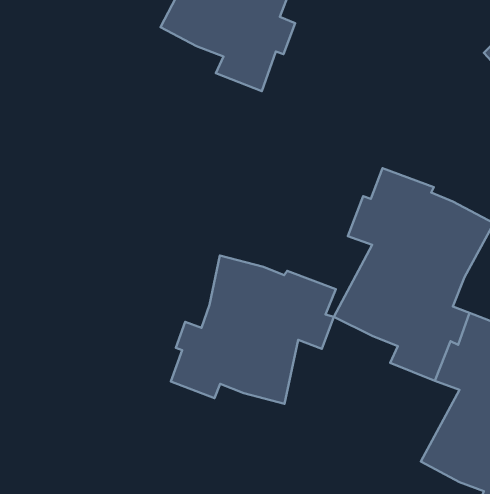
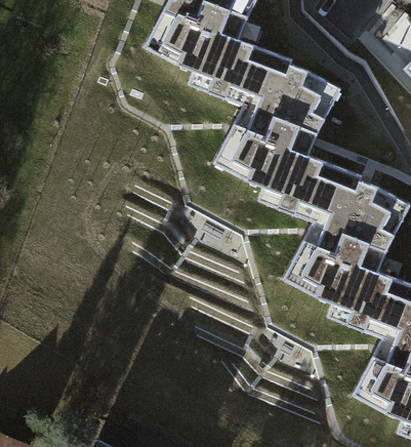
building: none -> [214,45,341,215]
building: [171,255,336,404] -> none

